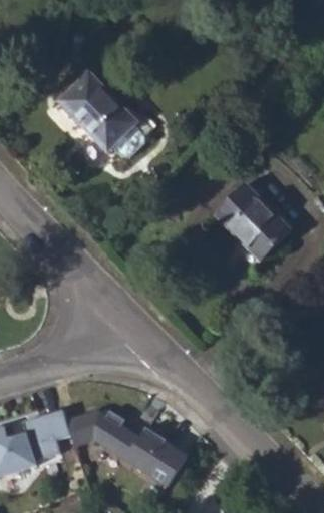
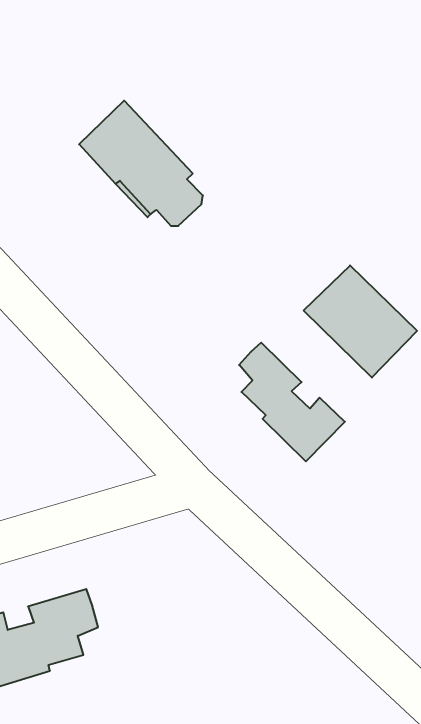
building: none -> [239,343,345,461]
building: [66,407,189,485] -> none

